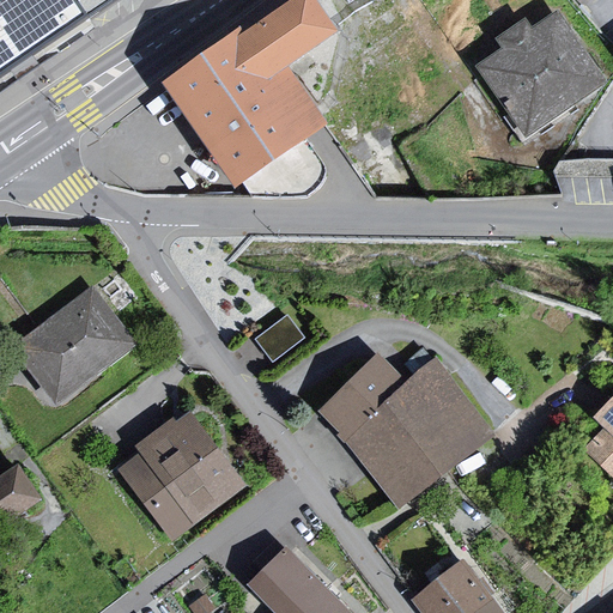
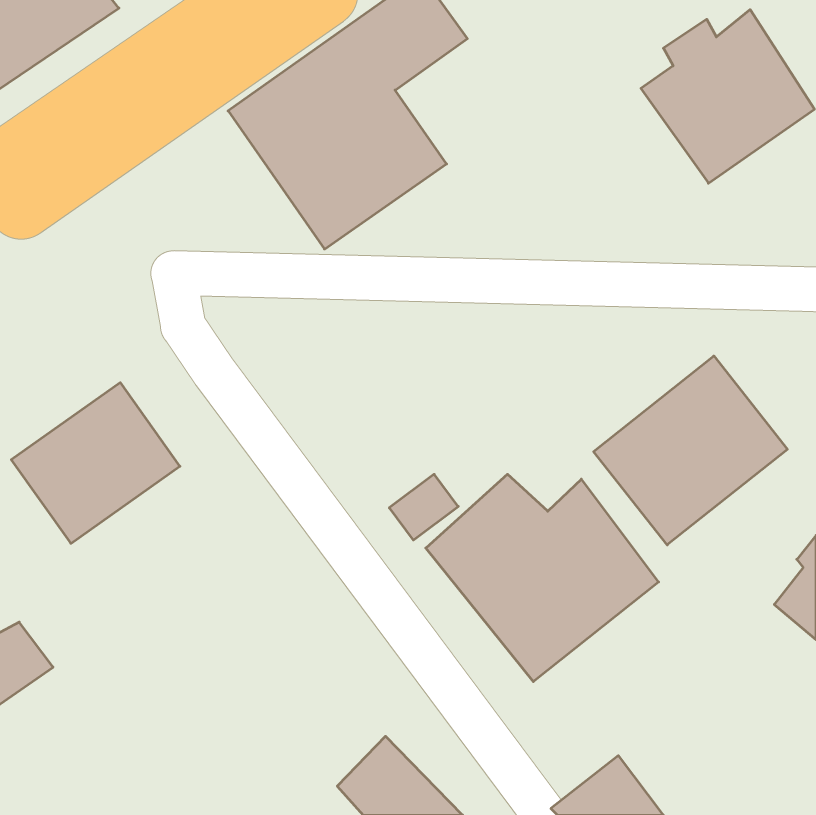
building: none -> [594,356,787,545]
building: [253,311,304,360] -> [389,474,458,540]
building: [116,412,245,540] -> none

